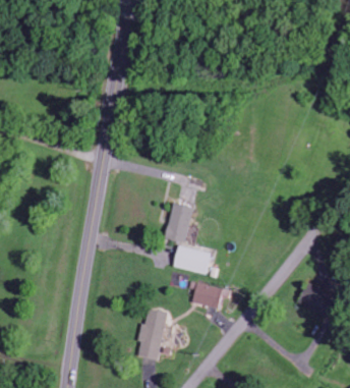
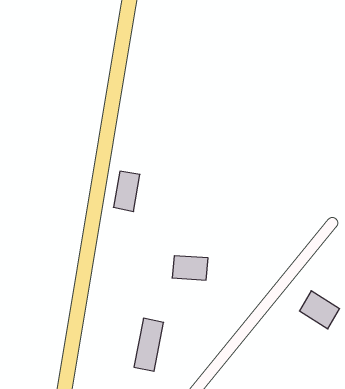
building: [166,205,191,243] -> [113,171,140,212]
building: [189,282,229,310] -> none

